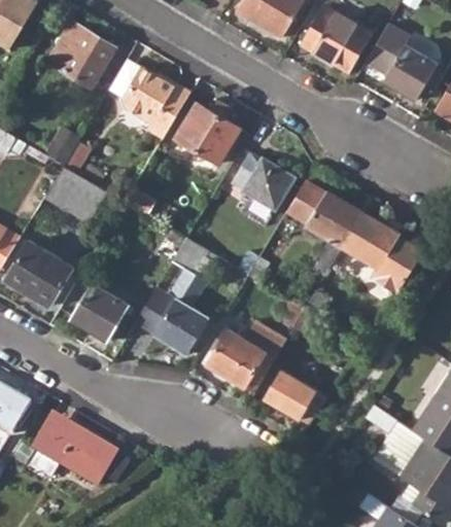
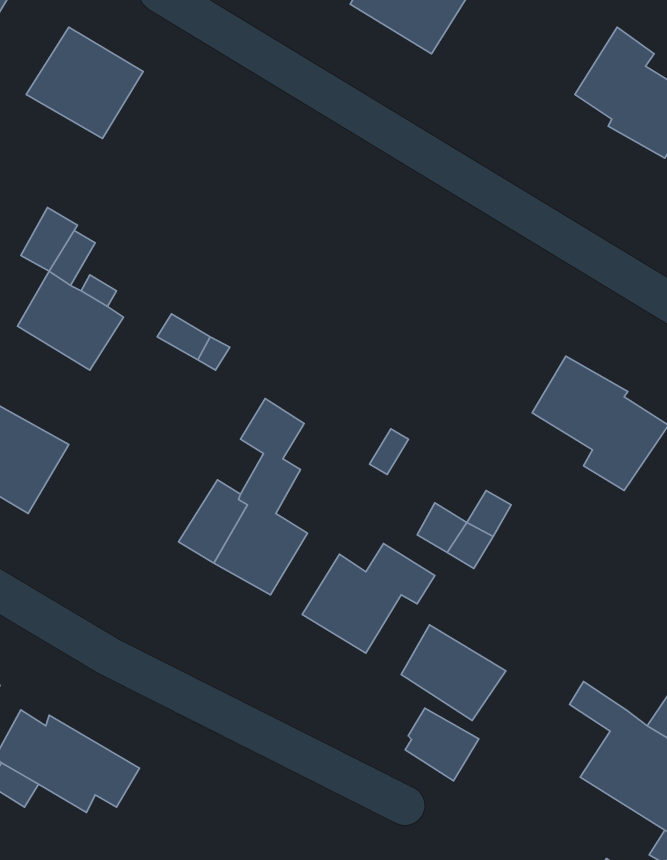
building: [302,10,369,73] -> none
building: [120,65,192,136] -> none
building: [173,100,240,166] -> none
building: [243,154,294,210] -> none
building: [286,180,361,270] -> none
building: [70,281,130,340] -> none
building: none -> [405,708,479,781]

